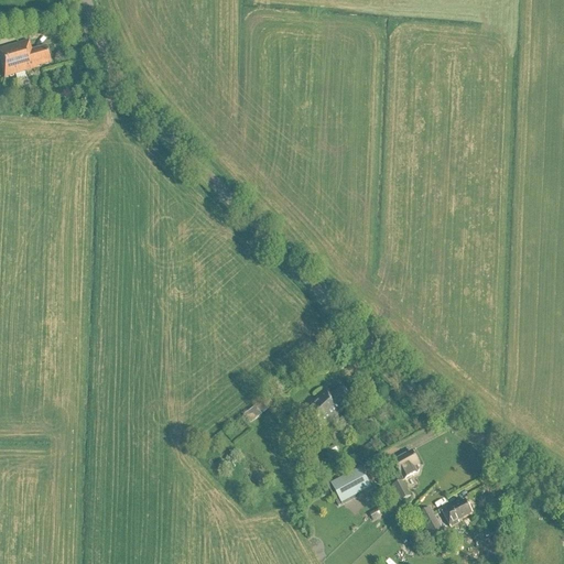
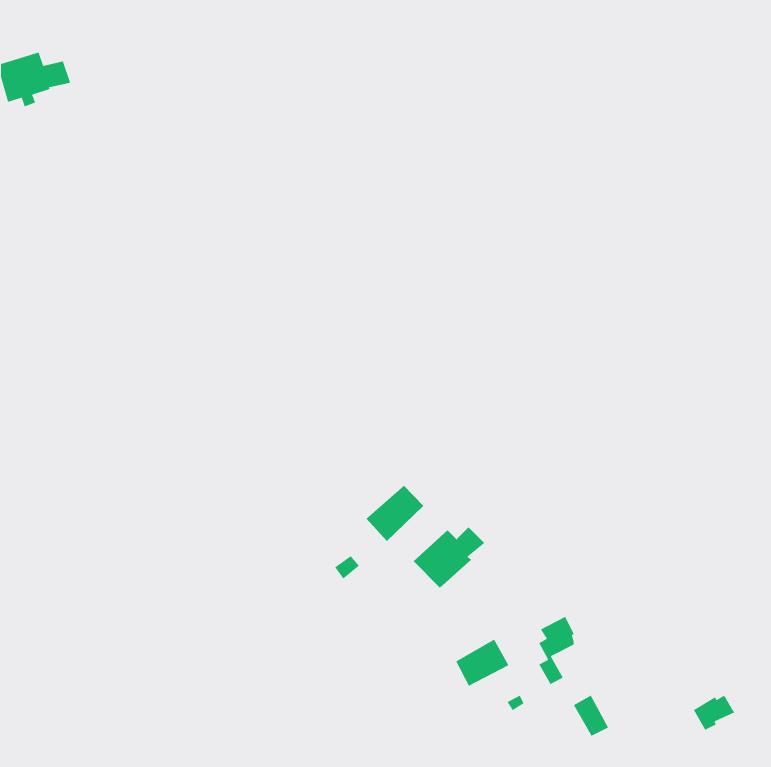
building: none -> [366,485,424,542]
building: [443,498,474,524] -> [693,695,735,731]

